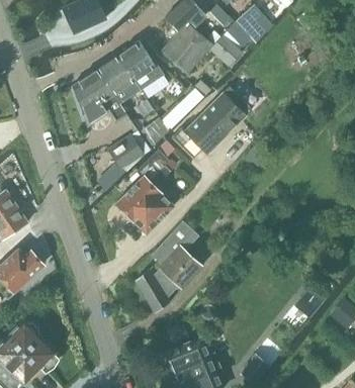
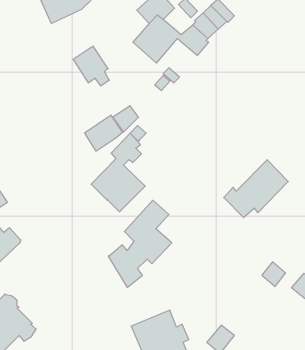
building: [118,42,164,91] -> none
building: [73,71,126,126] -> none
building: [171,98,240,160] -> [224,160,288,218]

